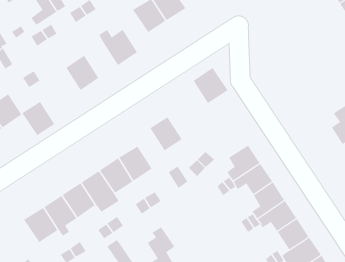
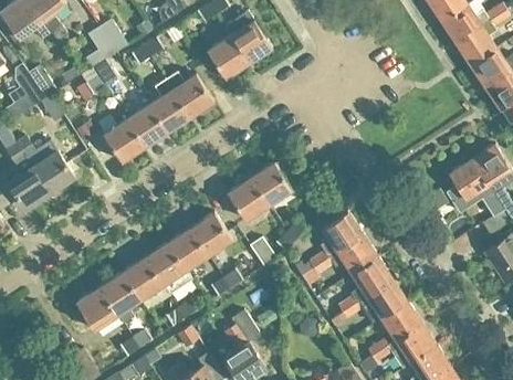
building: none -> [149,80,189,131]
building: [193,67,229,104] -> [250,161,293,205]
building: [21,101,55,136] -> [103,119,144,161]

